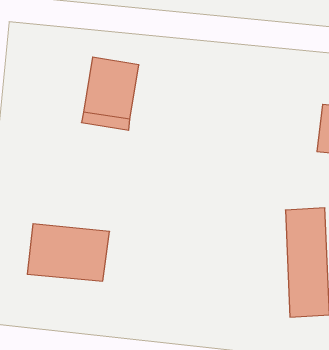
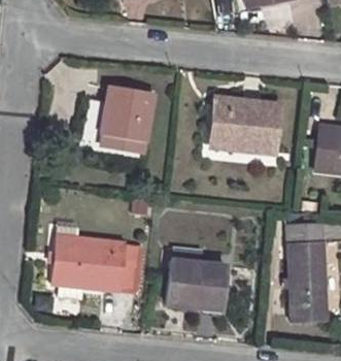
building: none -> [212,99,279,154]
building: none -> [167,259,228,309]

